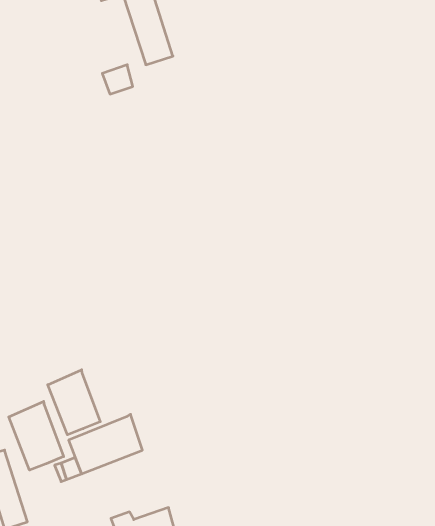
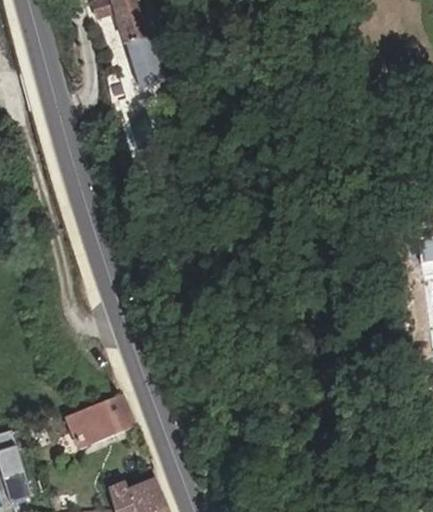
building: [48,370,100,435] -> none
building: [9,401,64,470] -> none

